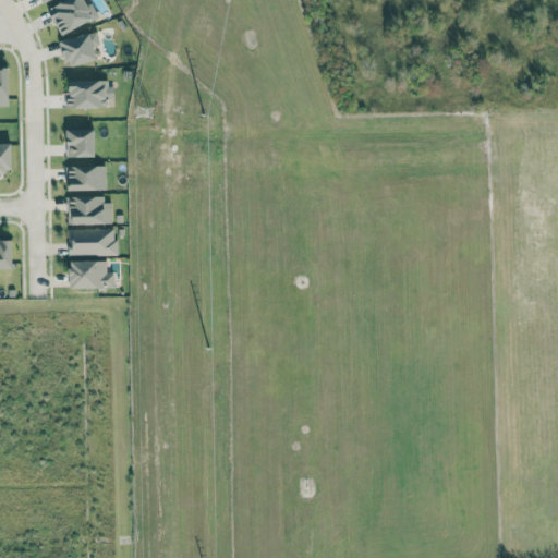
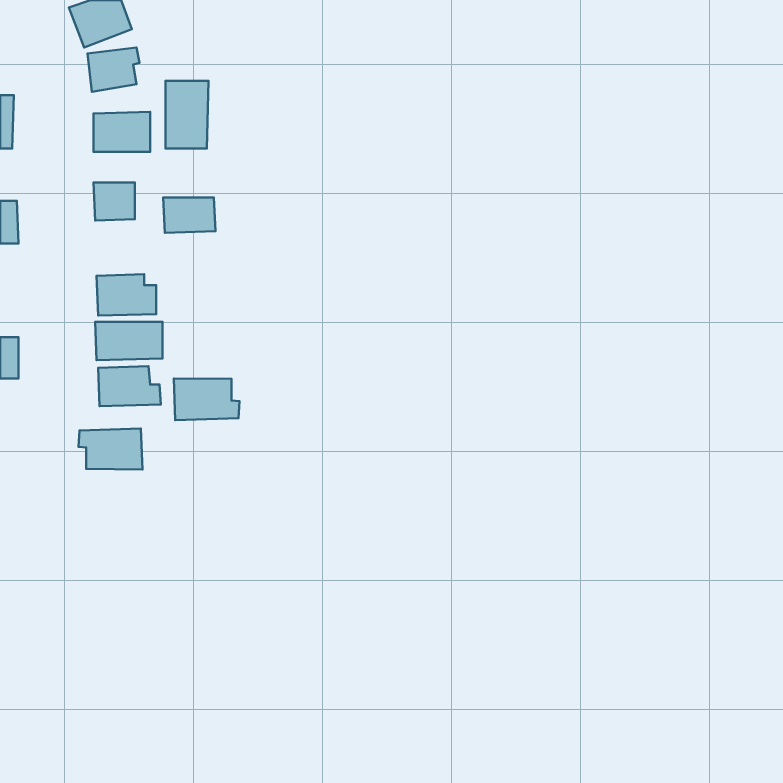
building: none -> [166,81,208,148]
building: [69,166,106,191] -> [163,198,215,233]
building: none -> [174,378,240,420]
building: none -> [78,428,142,469]

